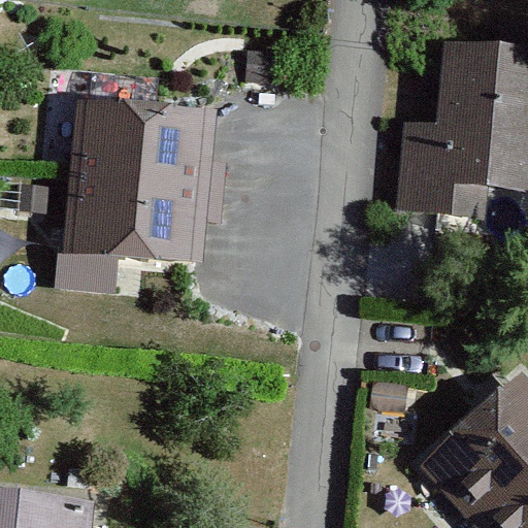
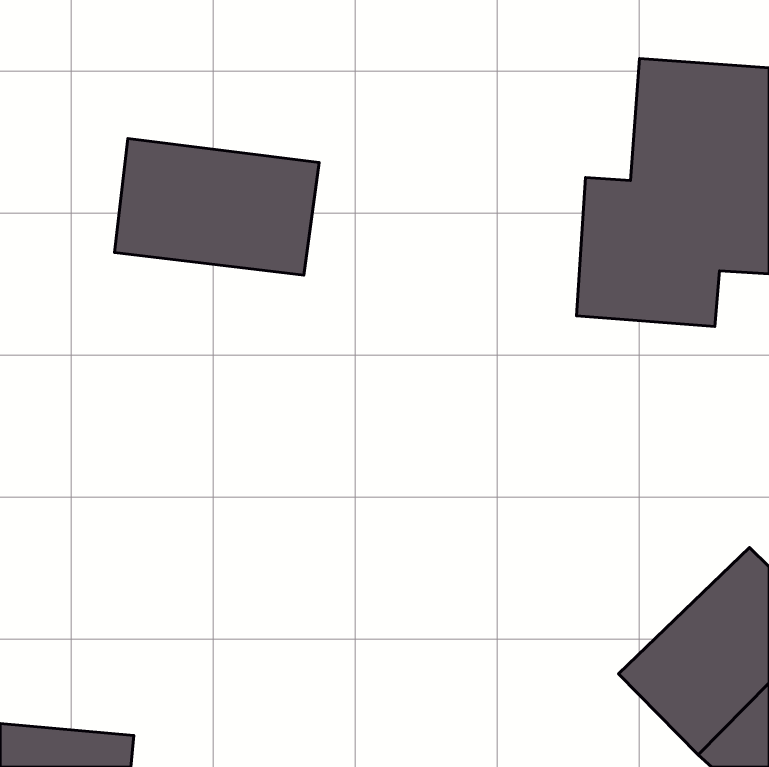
building: [69,173,208,267] -> none

